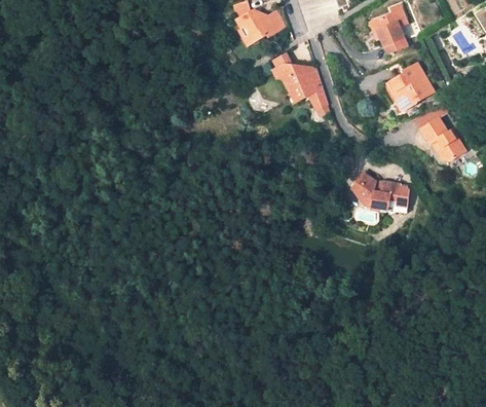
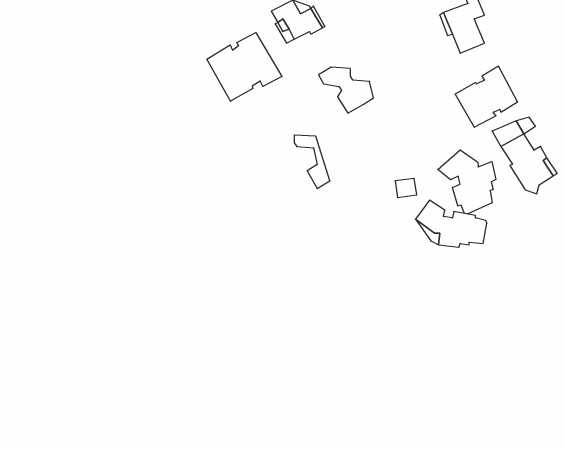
building: none -> [207,33,282,101]
building: [298,65,327,108] -> [294,135,330,189]
building: none -> [438,150,496,214]

